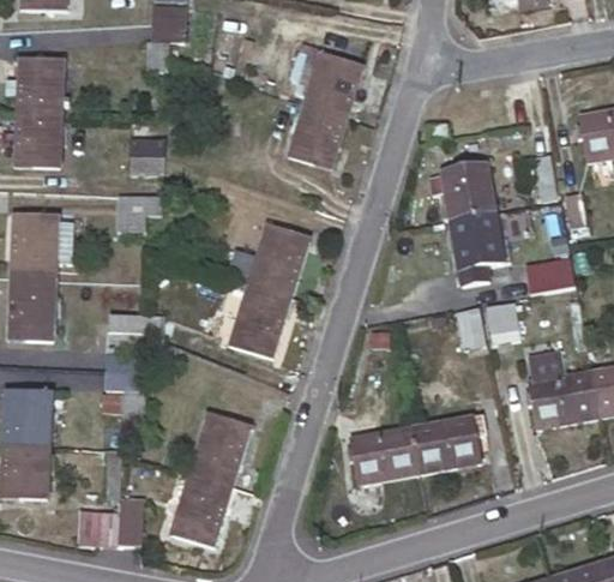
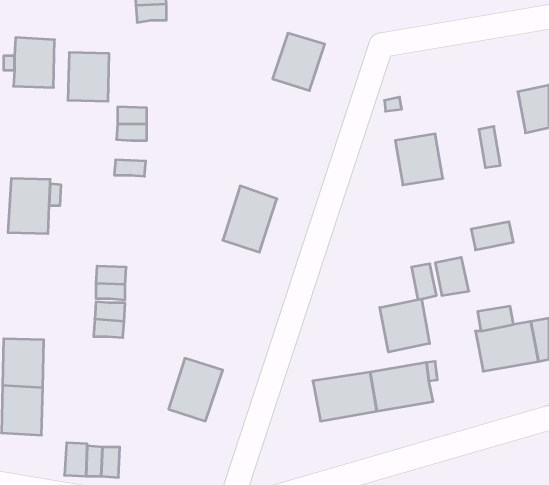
building: [289,103,345,167] -> none
building: [17,112,62,166] -> [68,53,109,101]
building: [449,214,502,274] -> none
building: [10,274,56,338] -> none
building: [230,282,290,354] -> none
building: none -> [380,299,430,352]
building: [170,469,230,544] -> none

